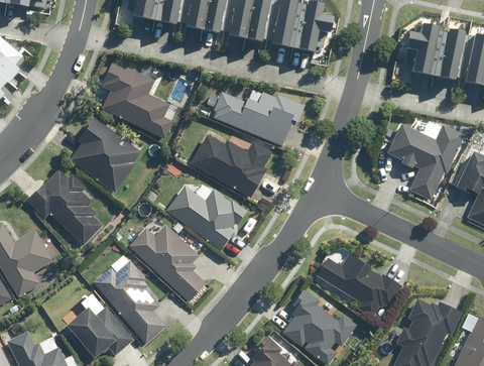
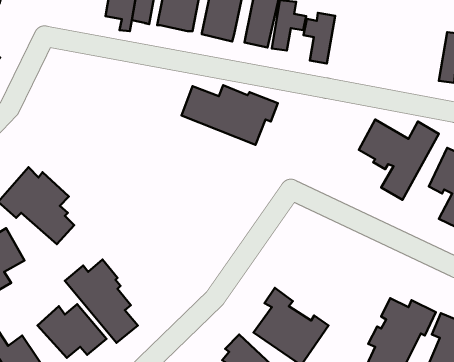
building: [407,25,439,76] -> [304,13,335,64]
building: [441,29,465,82] -> none
building: [101,58,178,138] -> none
building: [70,116,142,192] -> none
building: [192,130,273,195] -> none
building: [164,186,249,251] -> none
building: [128,223,207,300] -> none
building: [316,252,403,318] -> none

